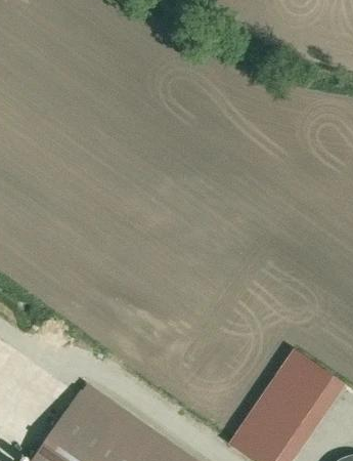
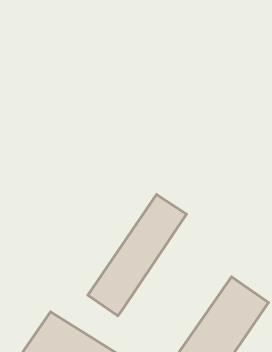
building: none -> [88,195,186,316]

